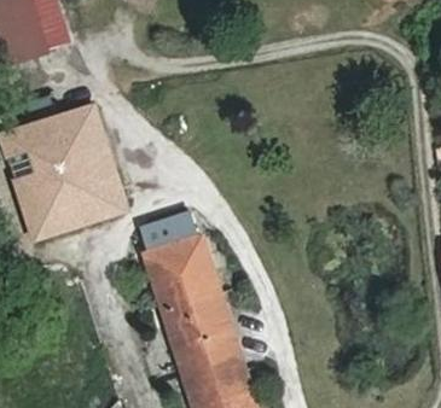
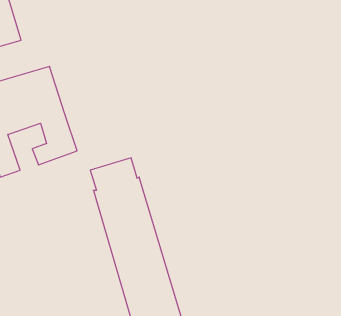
building: [42,173,88,228] -> none

